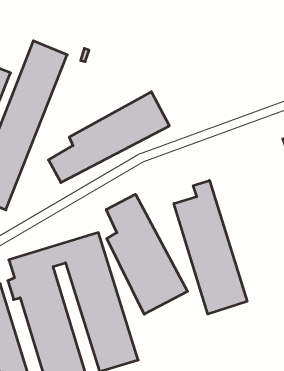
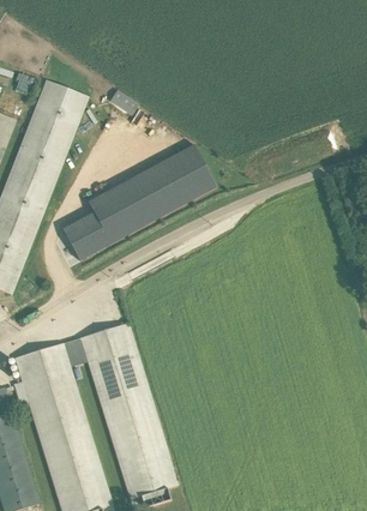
building: [174,180,247,314] -> none
building: [106,194,188,314] -> none

